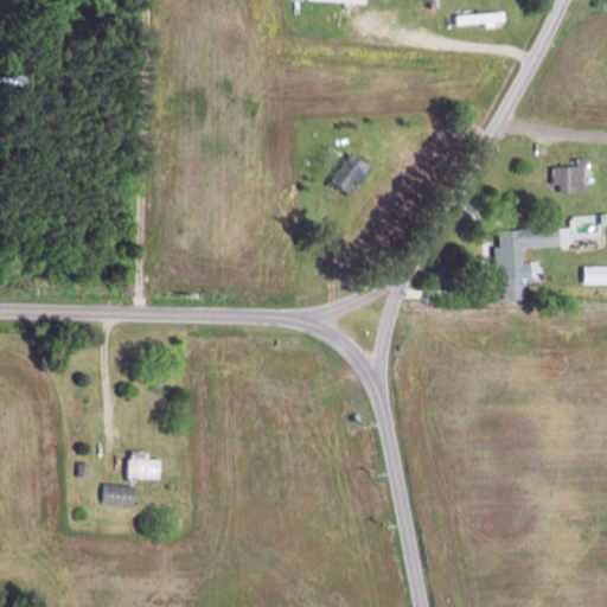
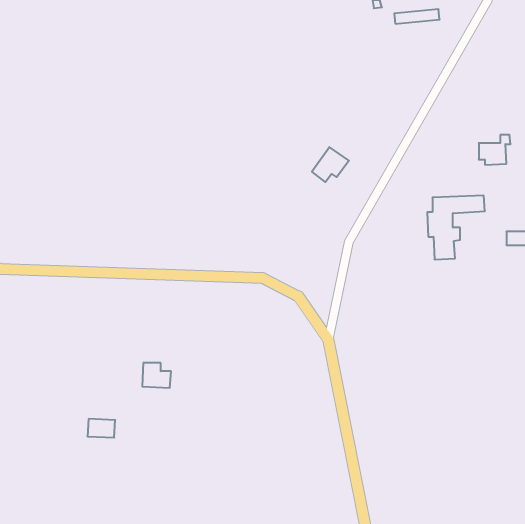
building: [331,152,373,192] -> [312,147,349,182]
building: [126,452,159,480] -> [142,363,171,388]

